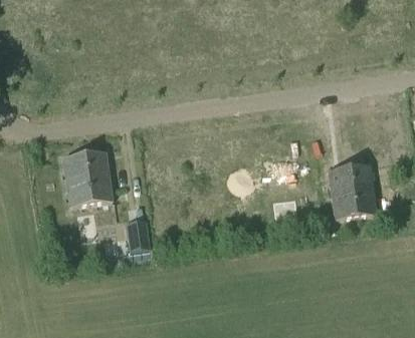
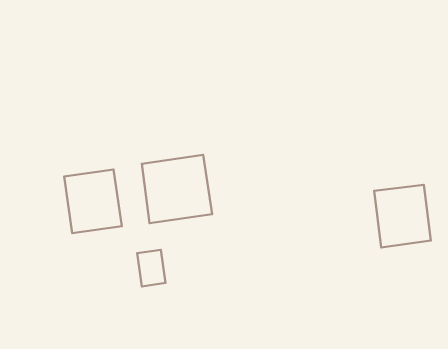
building: none -> [142,155,212,223]

